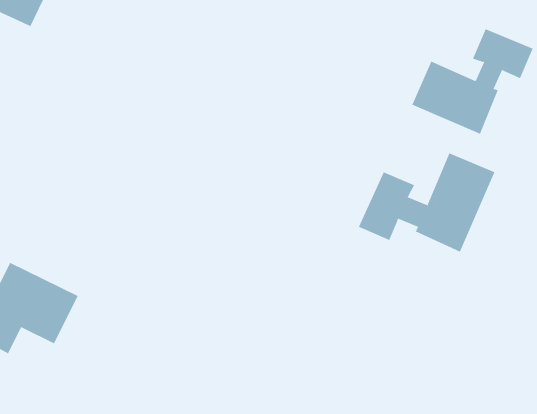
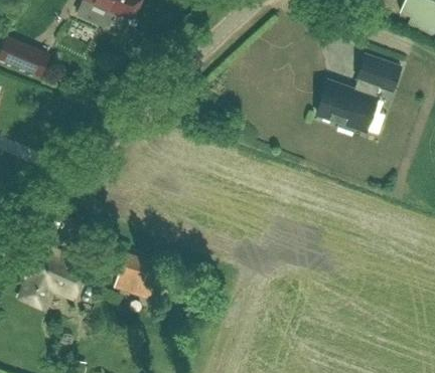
building: [358,152,495,252] -> none
building: none -> [113,255,160,302]

